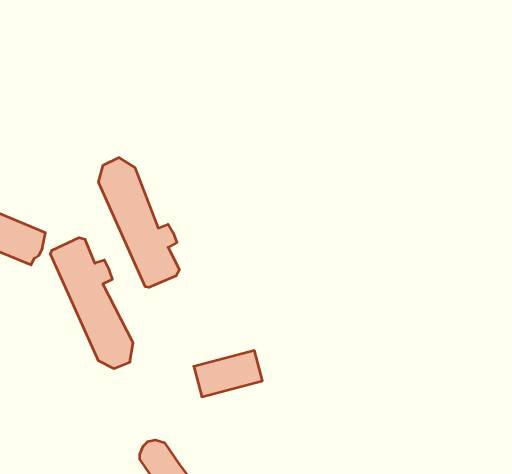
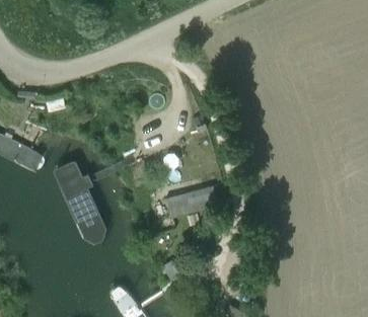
building: [99,158,179,287] -> none
building: [194,351,262,397] -> [164,189,208,219]

